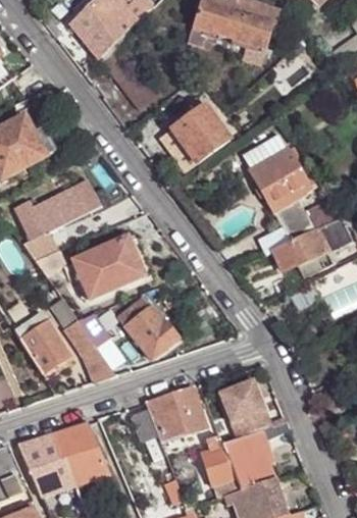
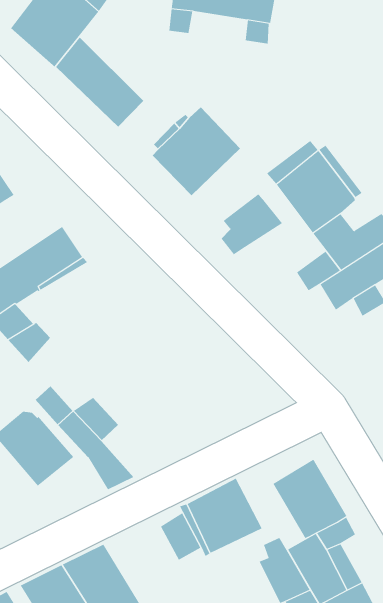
building: none -> [221,193,283,255]
building: [73,237,142,297] -> none
building: [118,296,177,358] -> none

